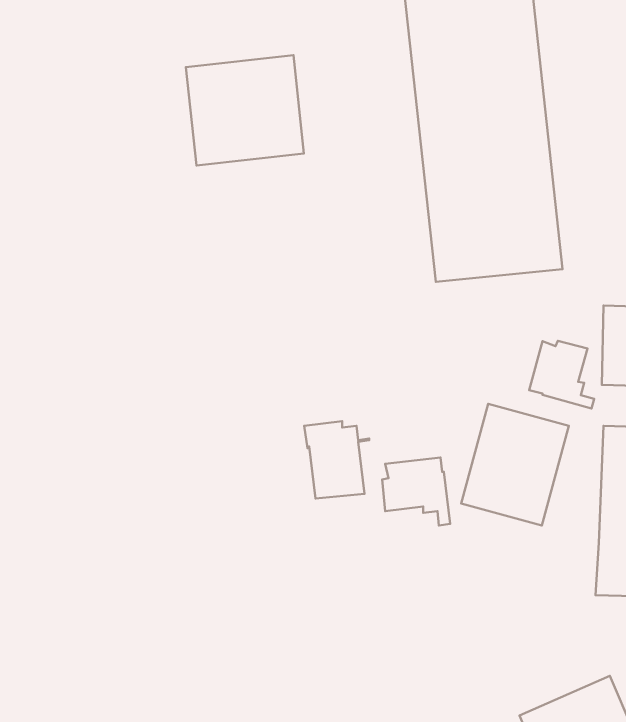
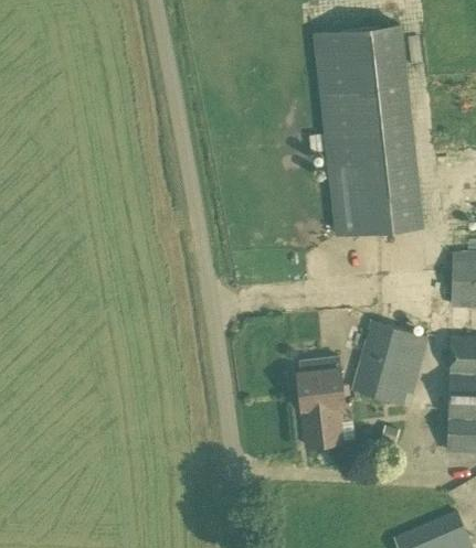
building: [186,55,304,165] -> none
building: [529,341,594,409] -> none
building: [304,421,369,499] -> [299,393,345,447]

